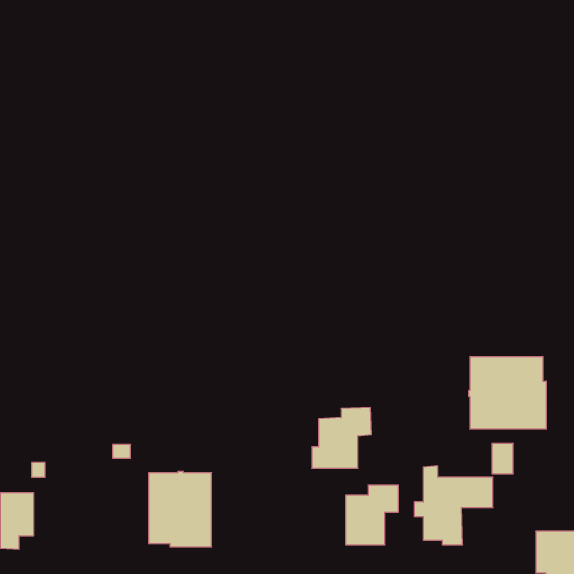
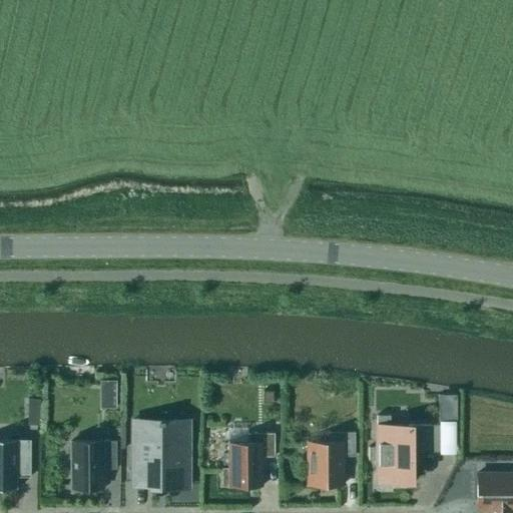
building: [469,356,546,429] -> none
building: [312,408,371,468] -> [222,433,276,487]
building: none -> [72,442,117,488]

